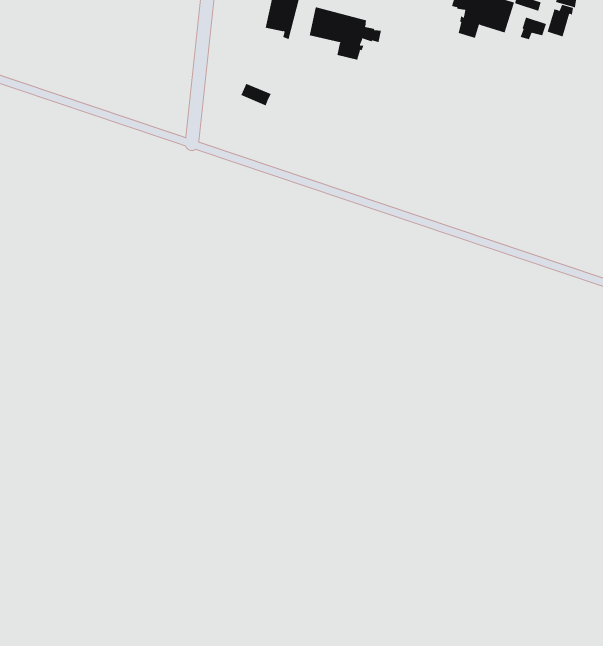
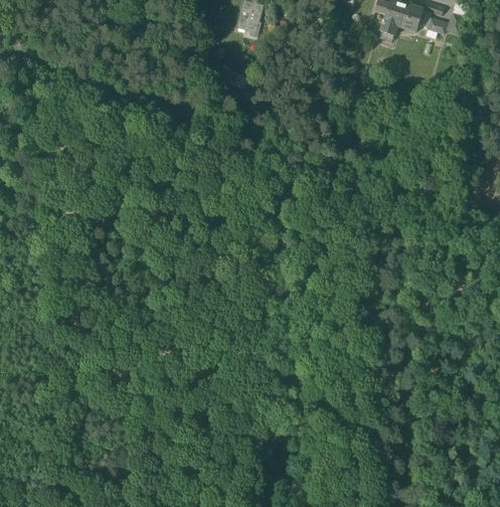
building: [309,7,382,60] -> none

